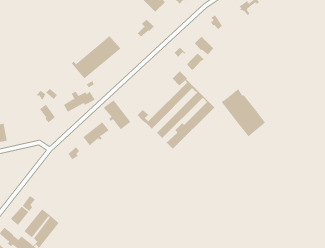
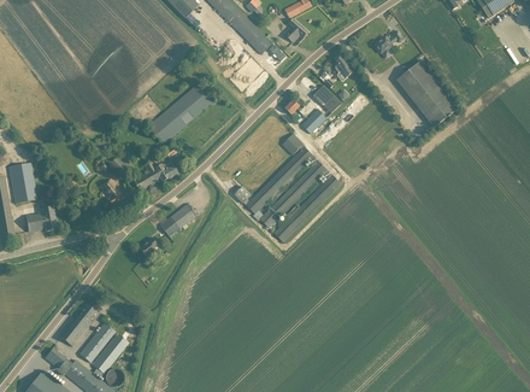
building: [221,88,266,137] -> [396,60,458,128]
building: [103,100,131,130] -> none

